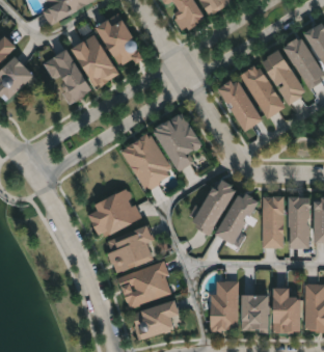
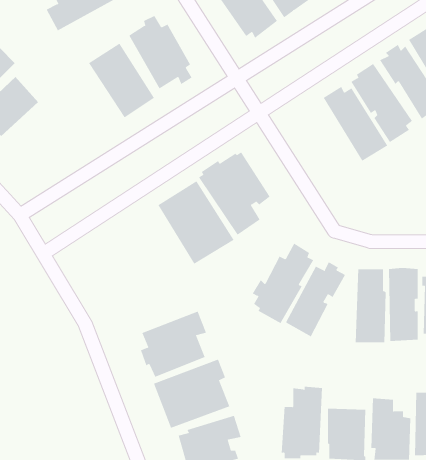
building: [44,48,92,104] -> none
building: [215,77,261,131] -> none
building: [87,187,143,237] -> none

